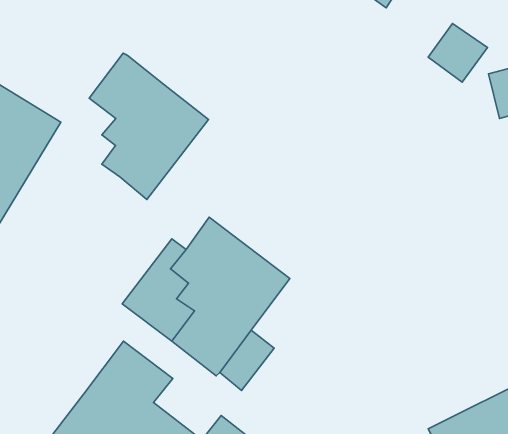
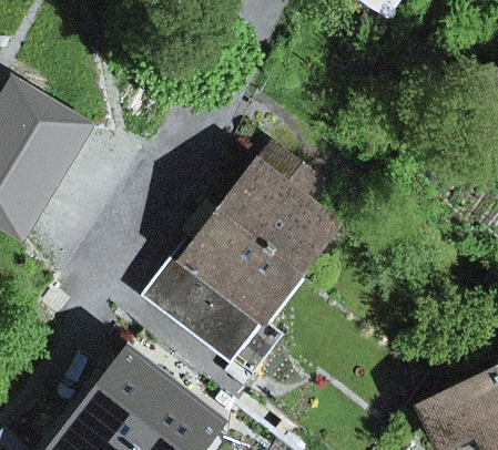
building: [89,53,209,199] -> none
building: none -> [222,143,331,267]

